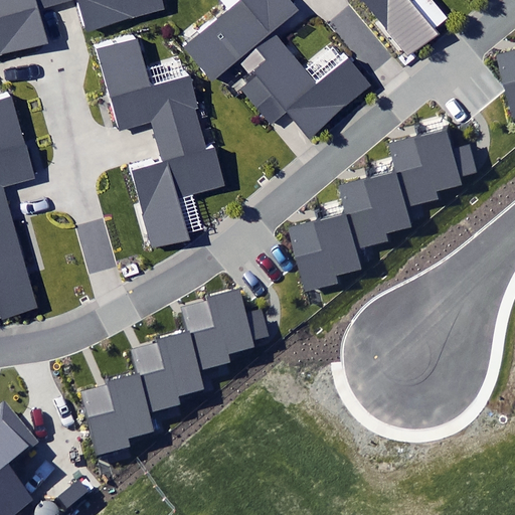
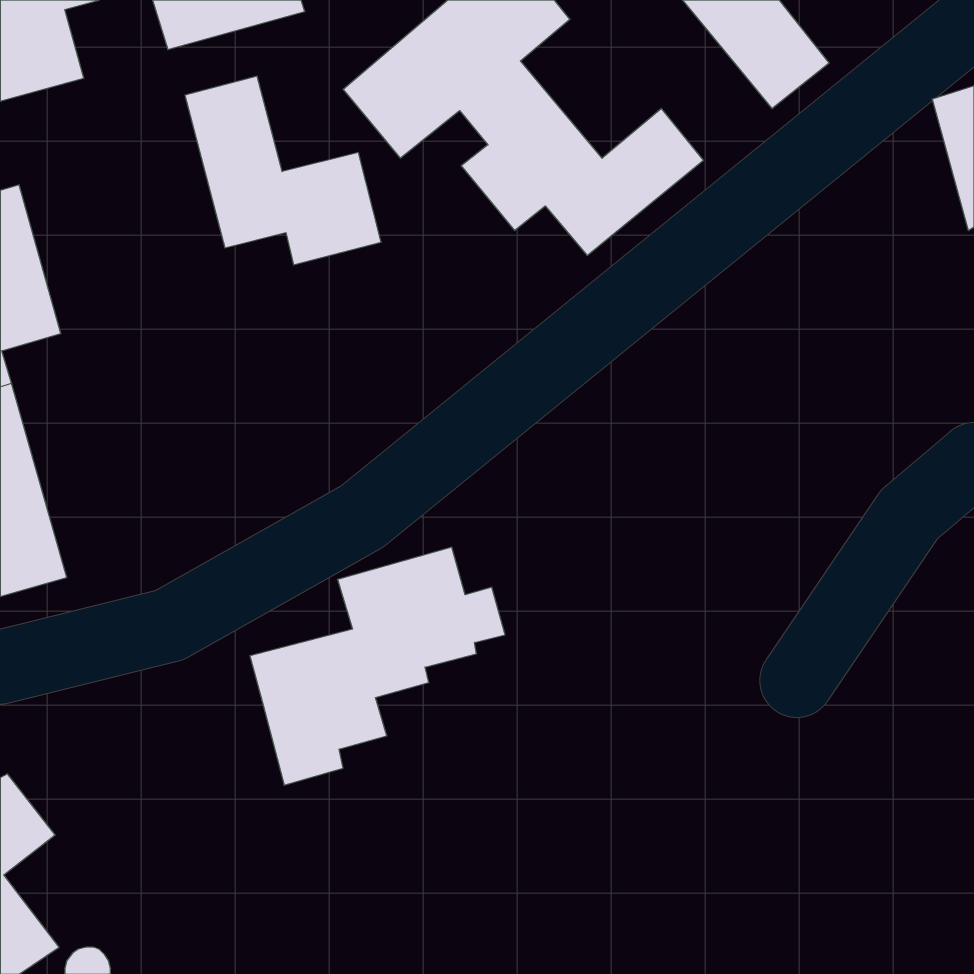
building: [284,125,477,297] -> none
building: [127,128,224,251] -> none
building: [73,372,156,461] -> none

